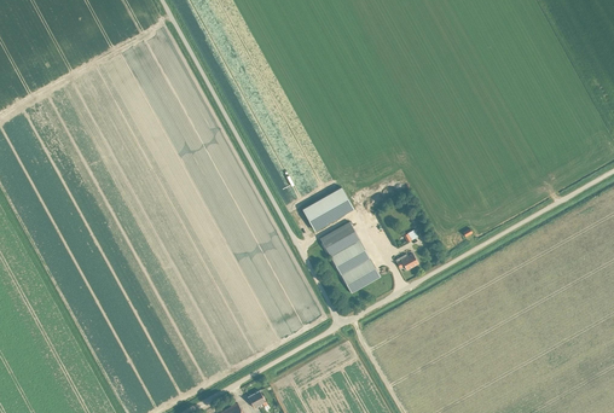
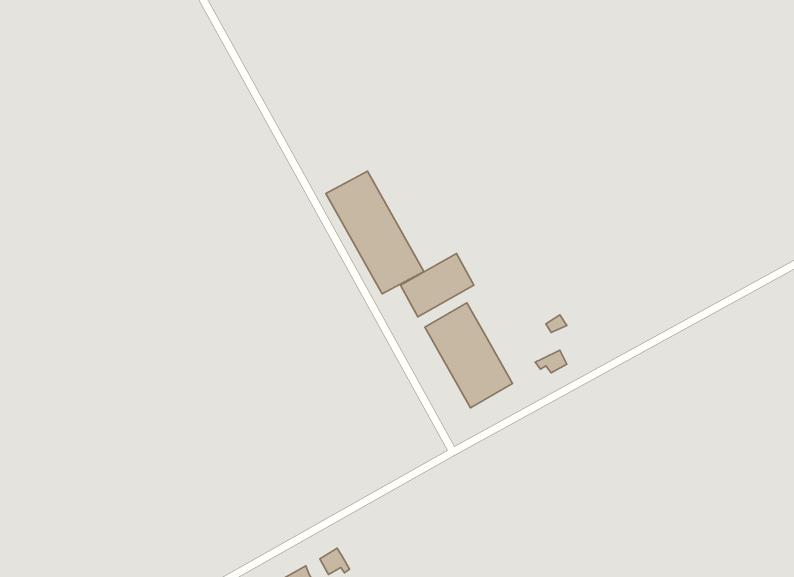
building: none -> [326,171,424,294]

